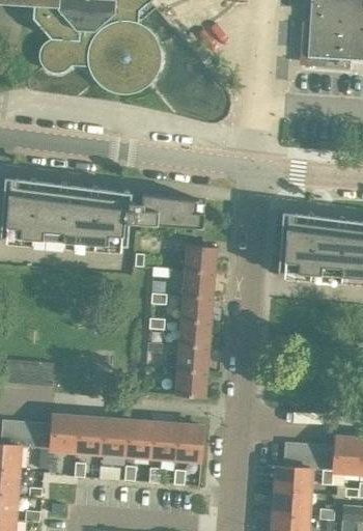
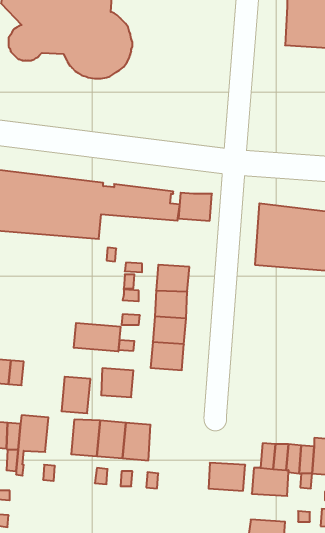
building: [185,246,217,273] -> [179,193,212,221]
building: none -> [74,323,120,352]
building: [176,370,207,398] -> [101,368,133,397]
building: [76,418,104,453] -> [61,377,90,413]
building: [175,425,203,462] -> none
building: [274,492,309,519] -> [209,463,245,491]

